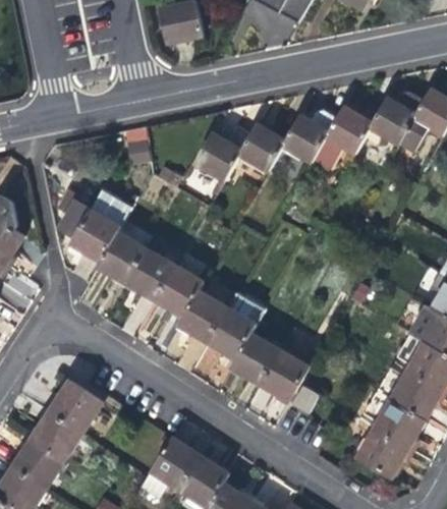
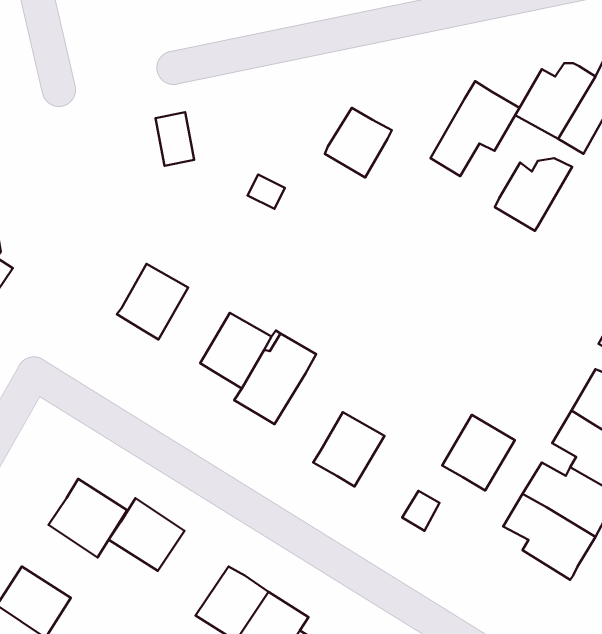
building: [282,112,335,162] -> [495,158,572,231]
building: [194,134,241,181] -> none
building: [57,194,129,262] -> none
building: [125,247,174,299] -> none
building: [205,293,264,359] -> none
building: [260,349,310,401] -> [442,415,515,491]
building: [32,410,83,460] -> [109,498,185,571]
building: [357,428,407,476] -> none

